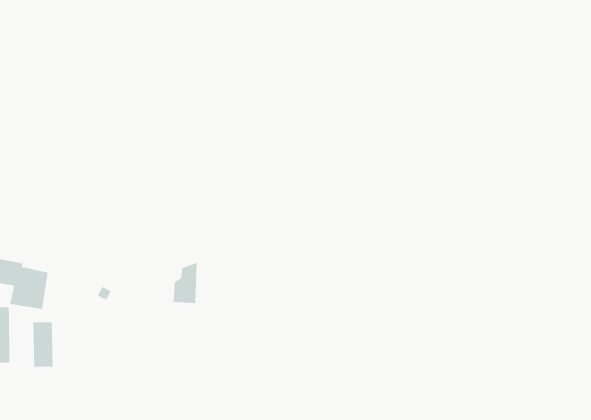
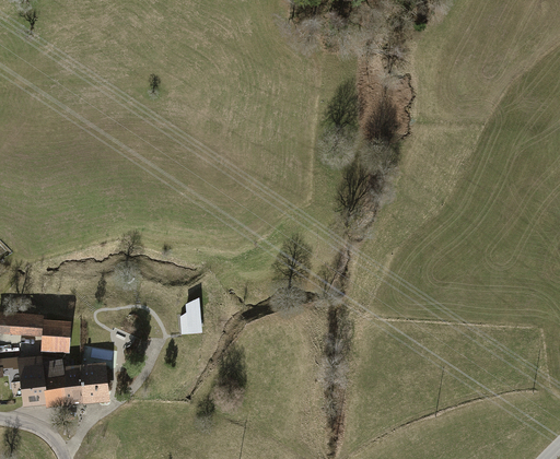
building: none -> [40,358,67,409]
building: none -> [79,361,109,403]

